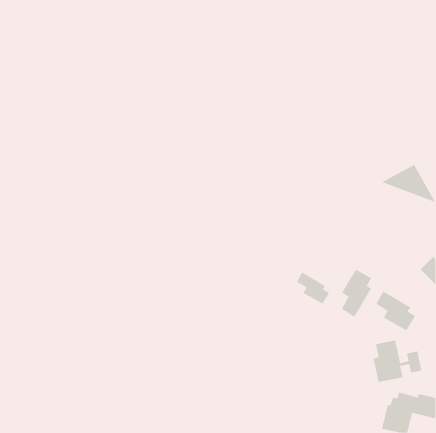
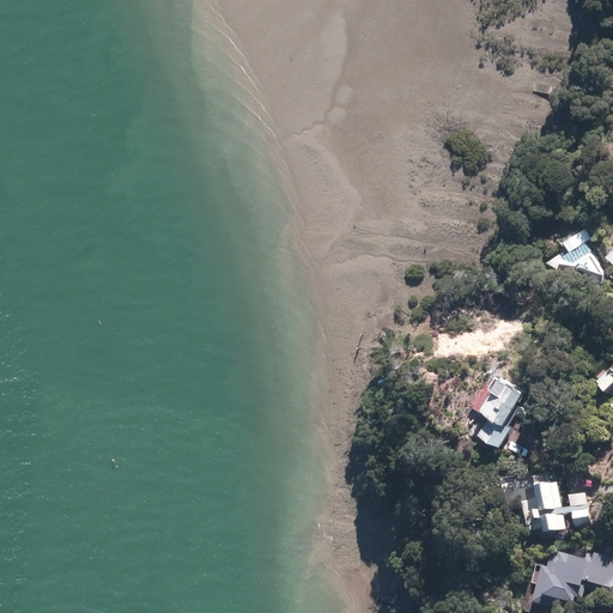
building: [296,272,330,305] -> none
building: [375,291,416,331] -> none

